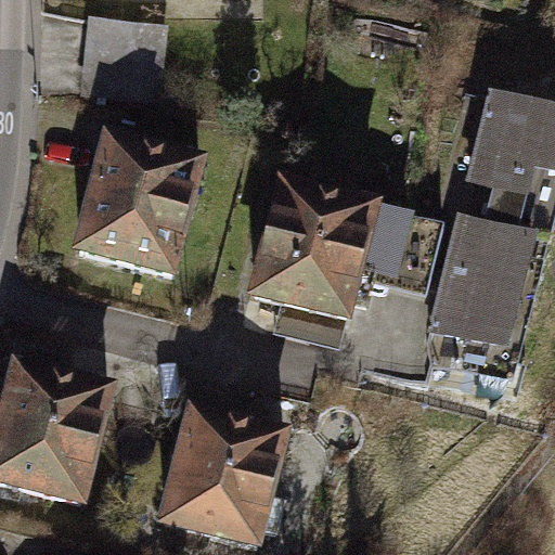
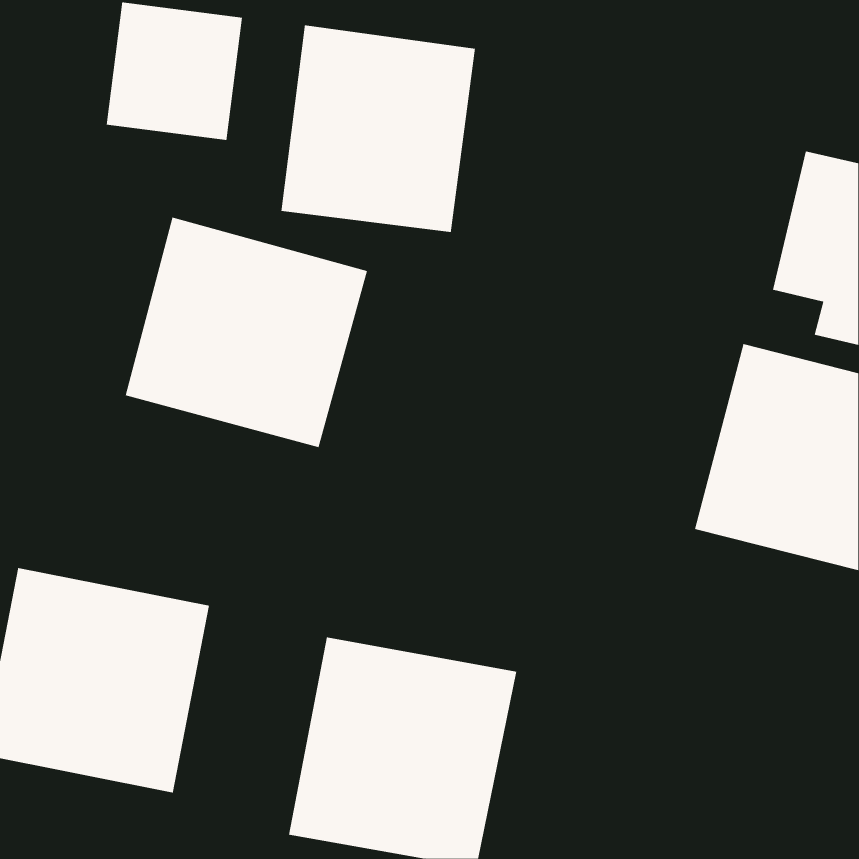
building: none -> [281,24,476,233]
building: [266,179,408,324] -> none

